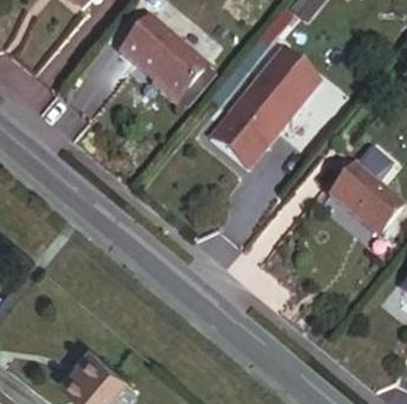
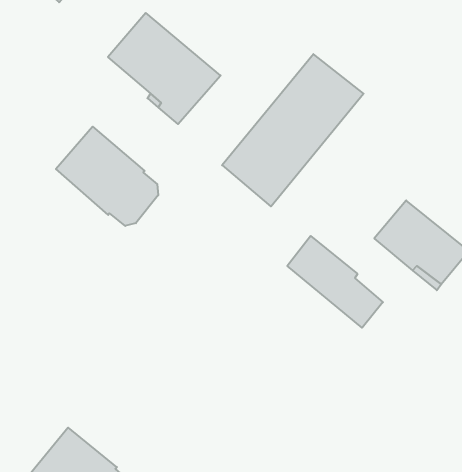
building: none -> [56,127,158,226]
building: none -> [287,236,383,328]

